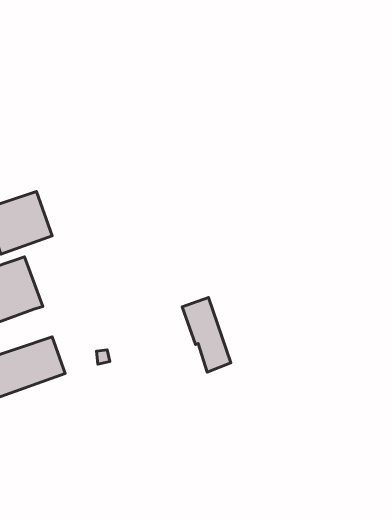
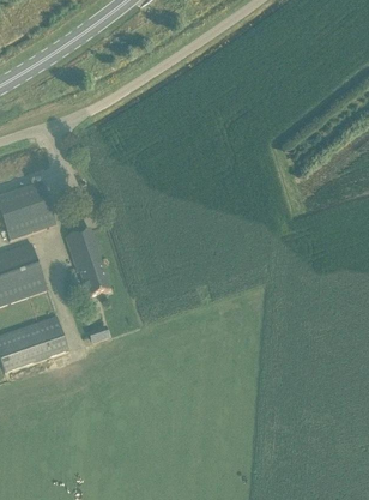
building: [182,298,231,372] -> [65,228,109,296]

